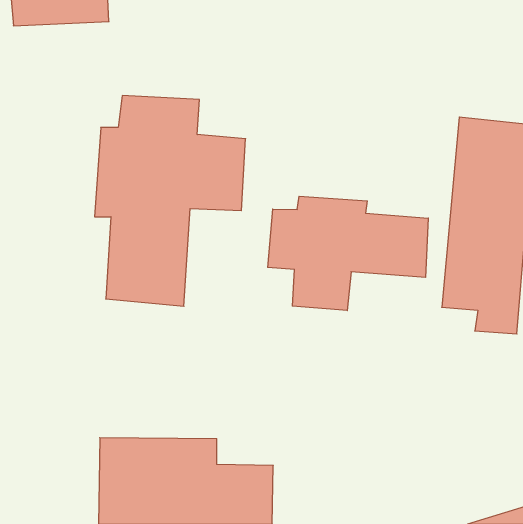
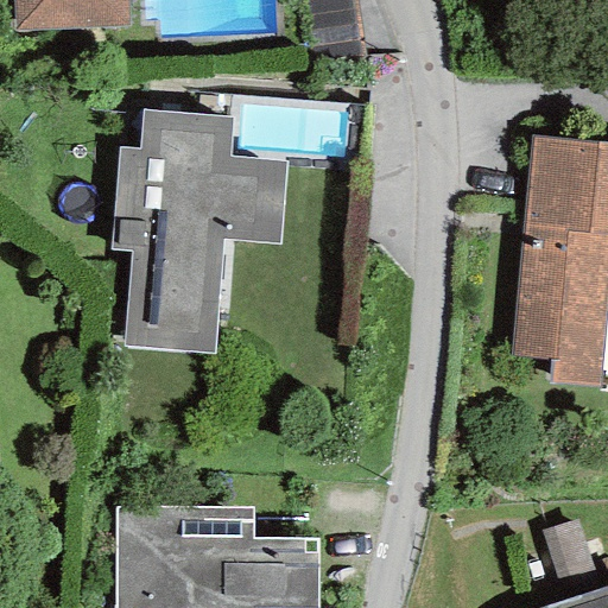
building: [268,196,428,311] -> none

